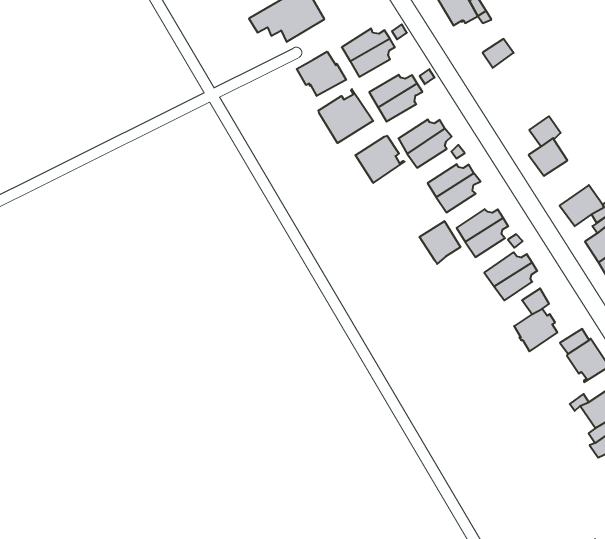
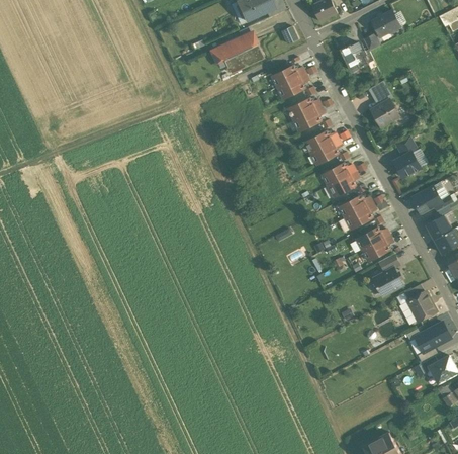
building: [297,52,346,96] -> none
building: none -> [371,99,398,126]
building: [318,89,373,143] -> none
building: [355,136,405,183] -> none
building: [420,221,460,264] -> none

